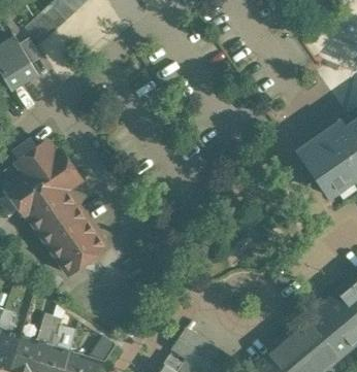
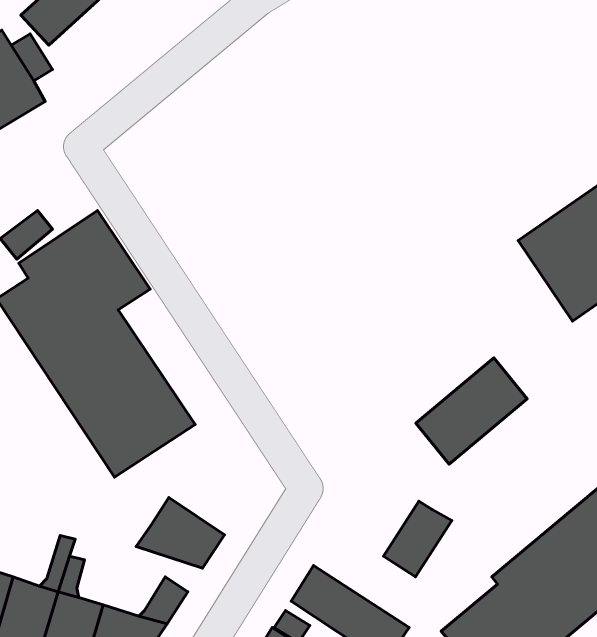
building: none -> [416,358,527,464]
building: none -> [136,498,224,568]
building: none -> [384,501,452,577]

